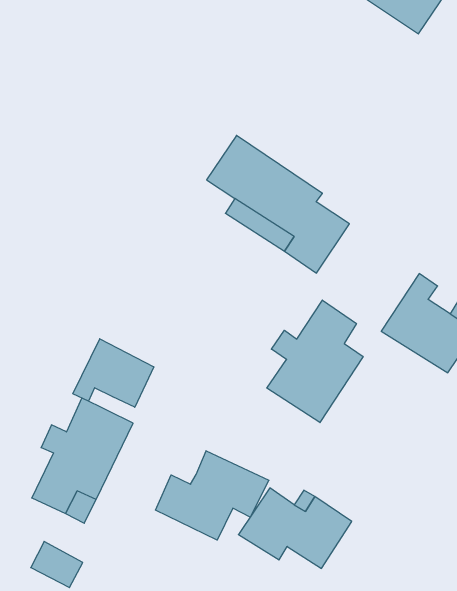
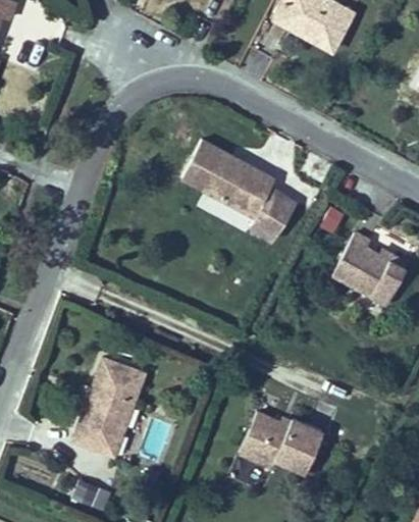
building: [267,300,363,423] -> none
building: [73,339,154,407] -> none
building: [155,451,269,540] -> none

